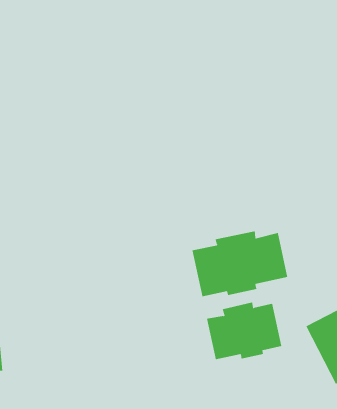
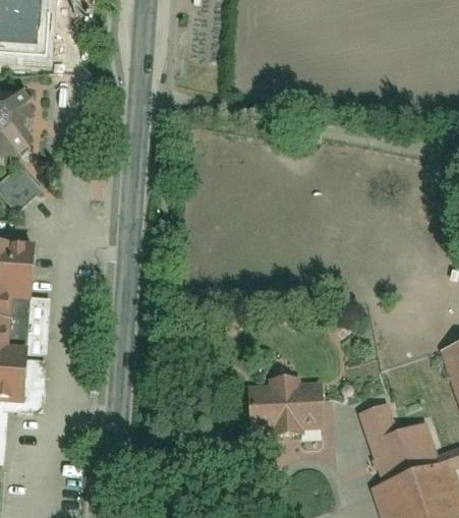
building: [192,231,288,297] -> none

